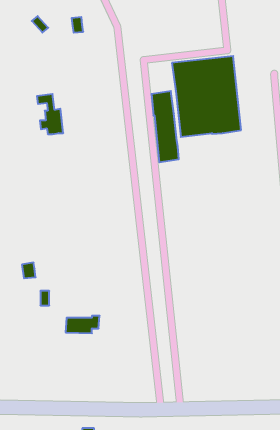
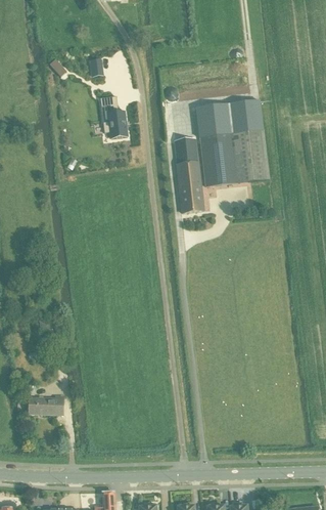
building: [37,94,63,134] -> [100,95,128,137]
building: [66,316,100,333] -> [29,395,64,414]

